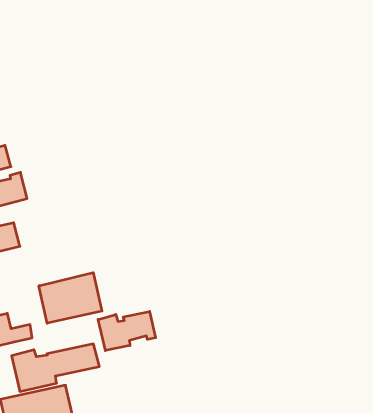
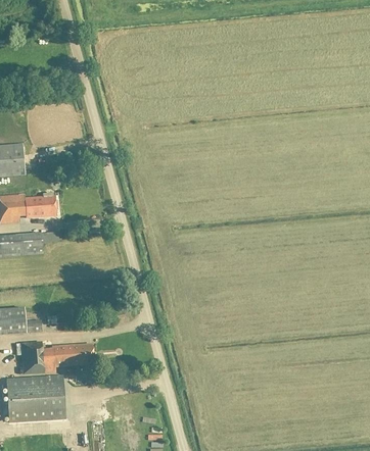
building: [39,273,102,323] -> none
building: [98,311,156,351] -> none

